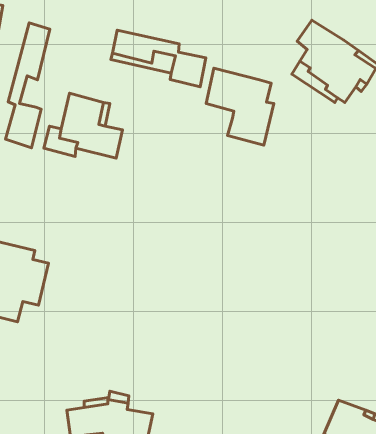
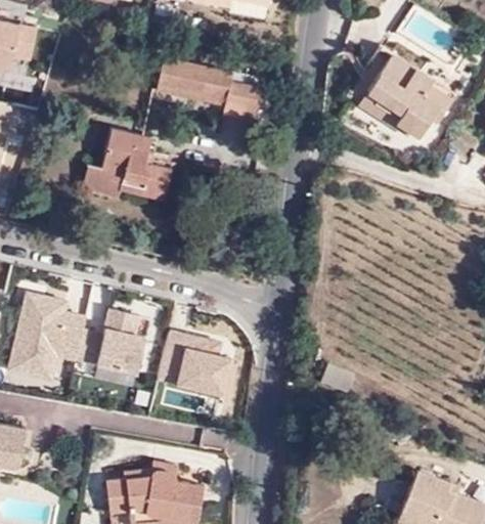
building: [6,23,50,148] -> none
building: [206,68,274,145] -> none
building: none -> [96,312,146,380]
building: none -> [158,331,227,396]

